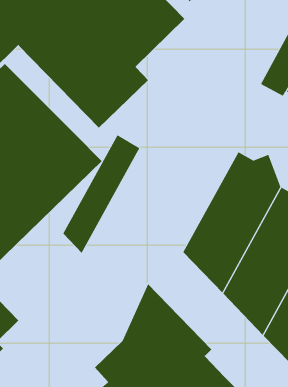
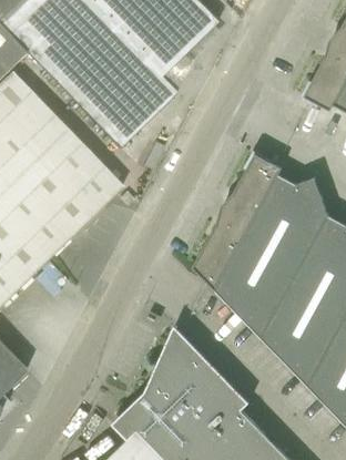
building: [63,135,140,254] -> [192,154,282,292]

